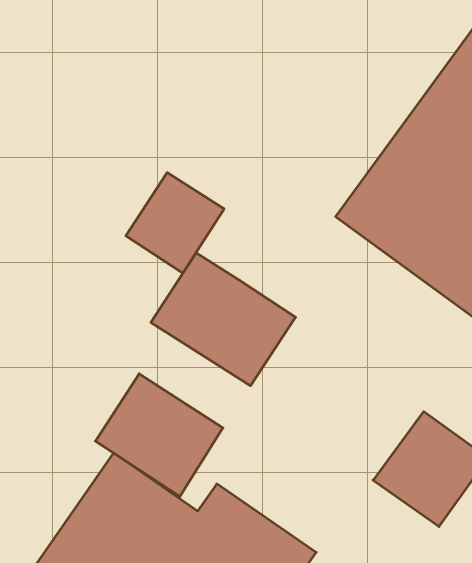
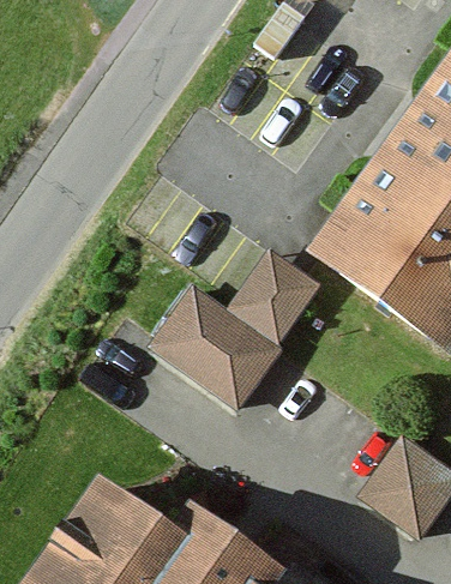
building: [126,173,224,273] -> [227,254,318,348]
building: [95,374,223,497] -> none

